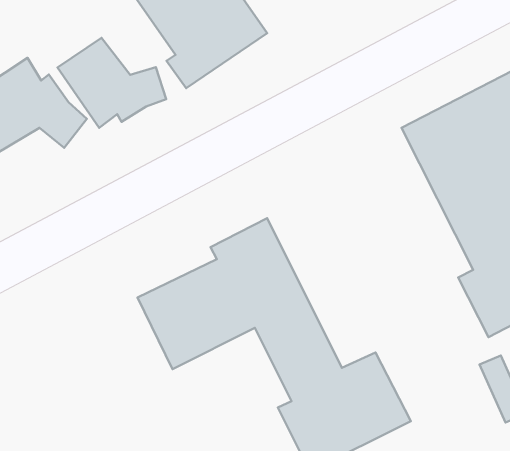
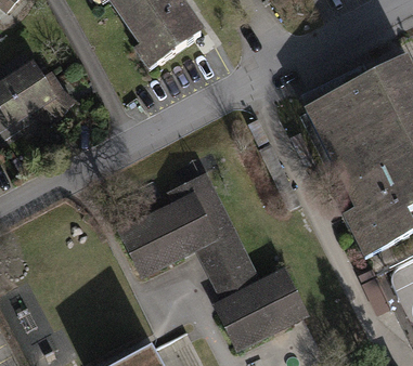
building: [57,38,166,128] -> none

